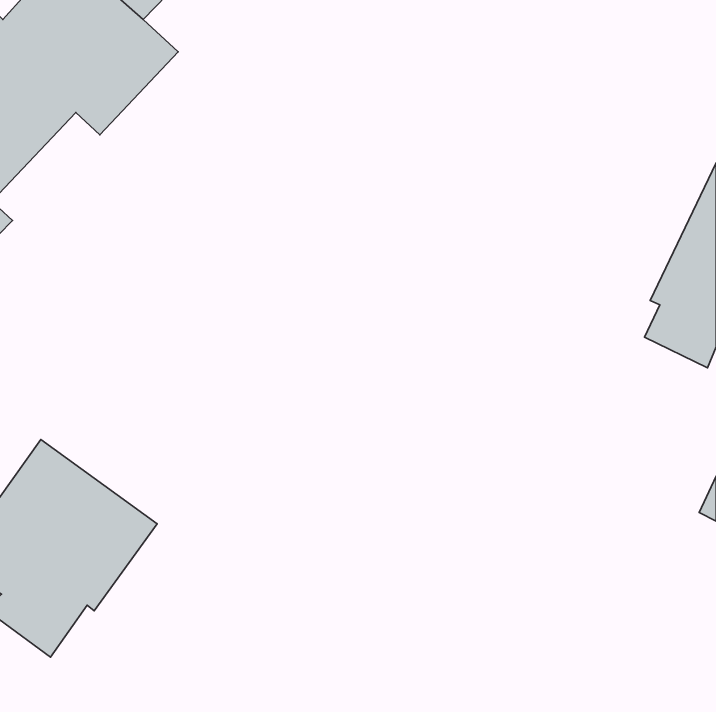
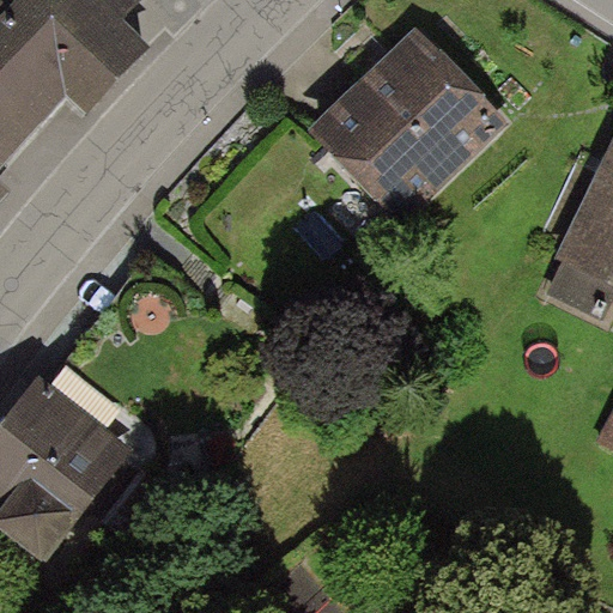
building: none -> [314,25,510,220]

